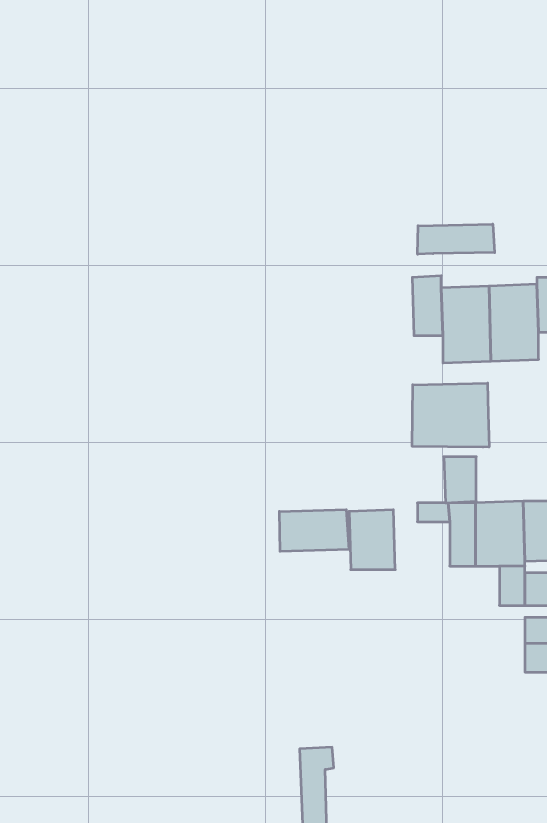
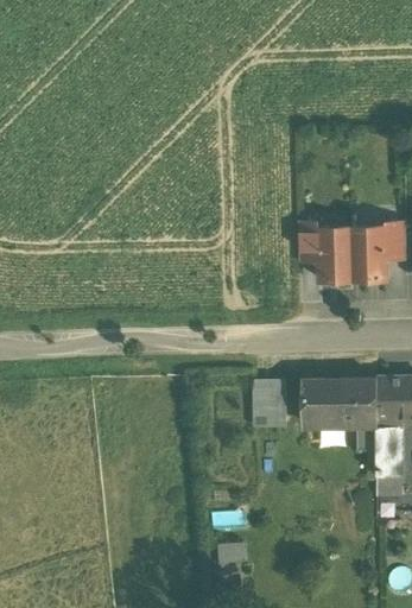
building: [418,224,495,254] -> none
building: [412,383,489,447] -> none
building: [444,457,476,503] -> [302,392,324,424]
building: [279,510,349,551] -> none

